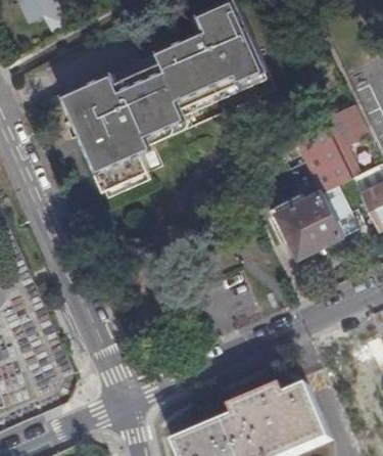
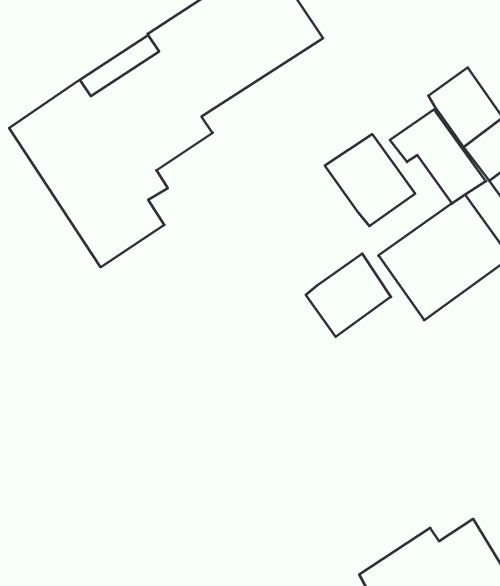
building: none -> [325,134,415,226]
building: none -> [306,254,391,337]

